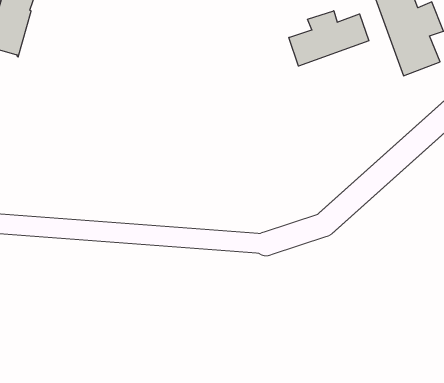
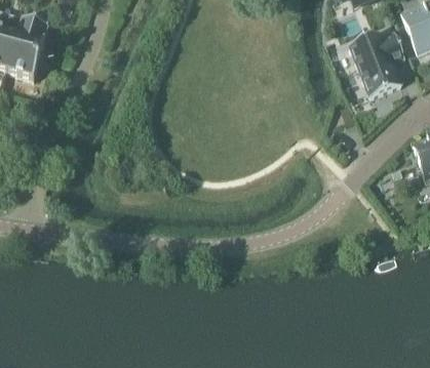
building: [289,11,369,66] -> none

